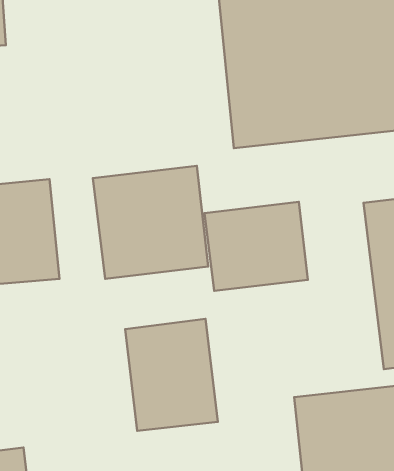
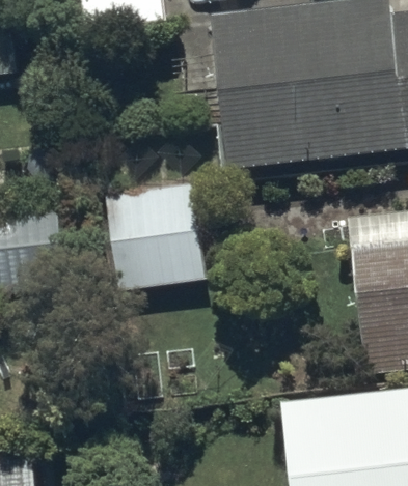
building: [204,202,308,291] -> none
building: [125,319,218,431] -> none

